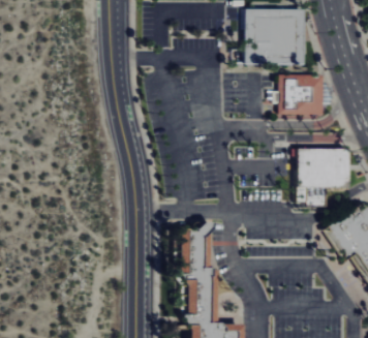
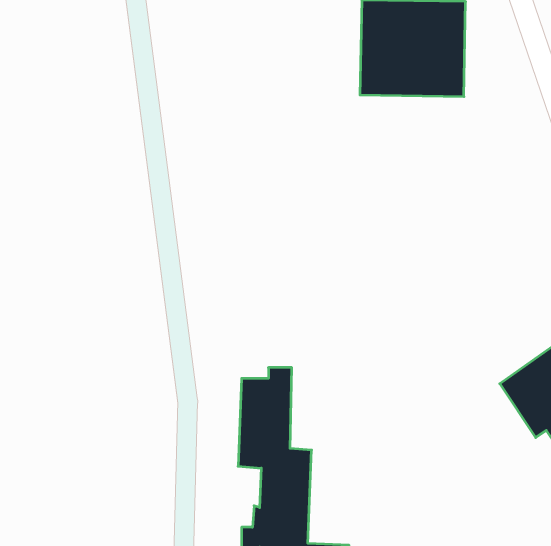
building: [282,74,326,116] -> none
building: [299,149,349,206] -> none

